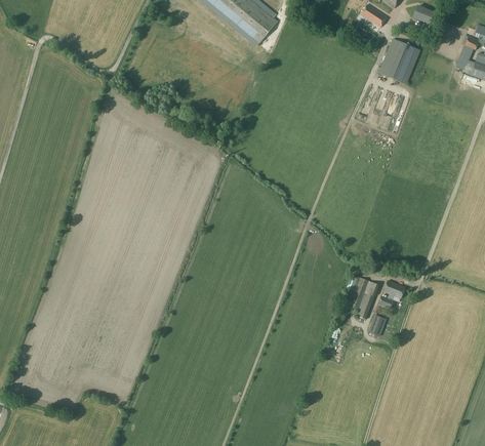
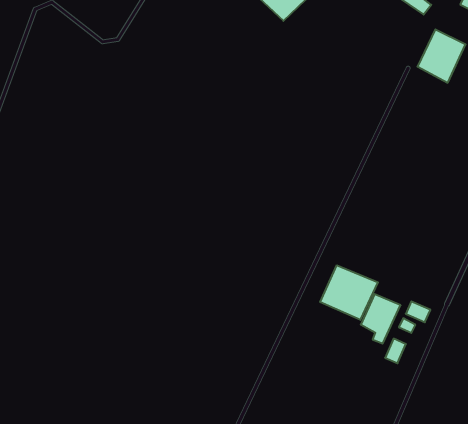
building: none -> [320,265,378,320]

